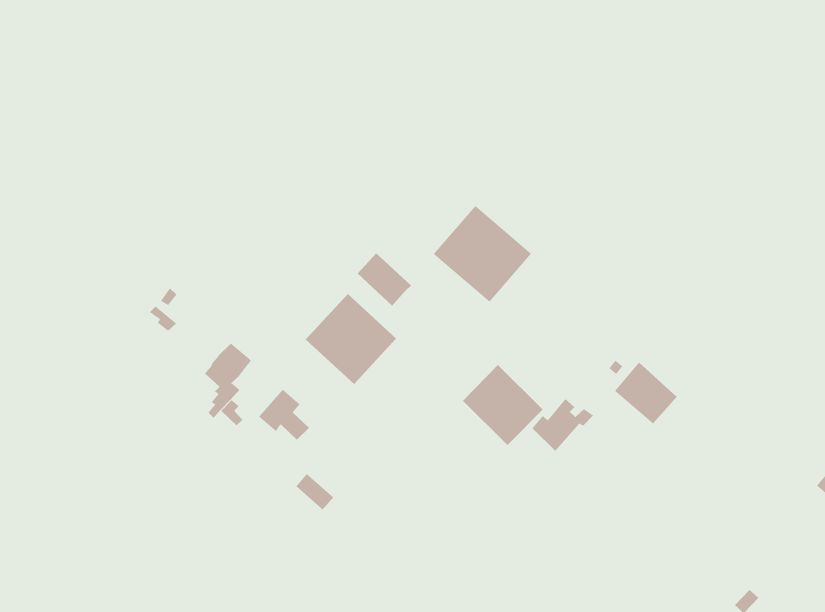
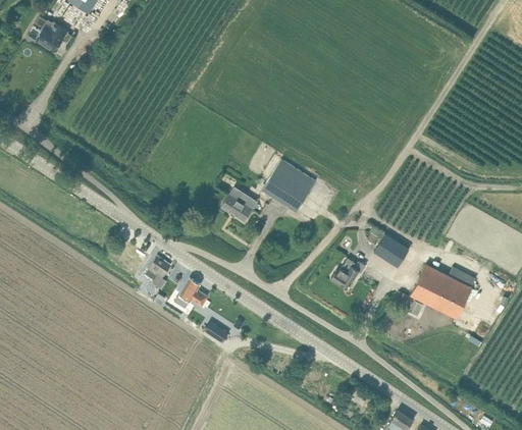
building: [305,293,397,385] -> none
building: [462,364,543,446] -> none
building: none -> [412,263,474,316]

